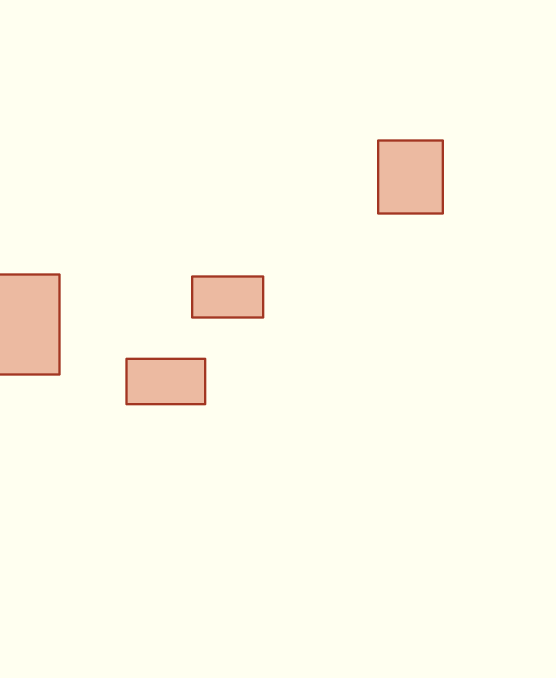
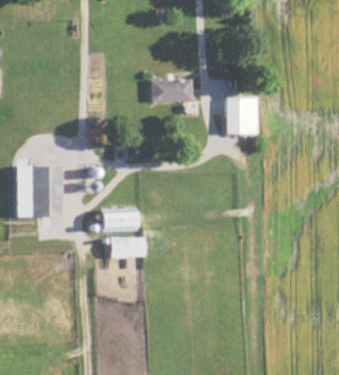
building: none -> [149,80,191,102]
building: [192,276,263,318] -> [108,237,144,258]

